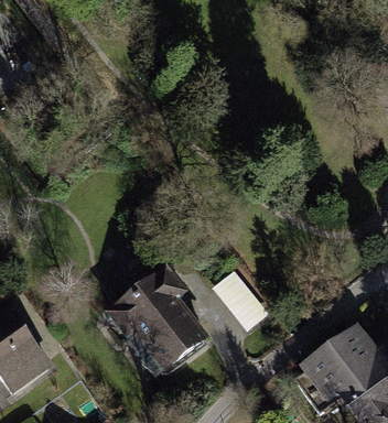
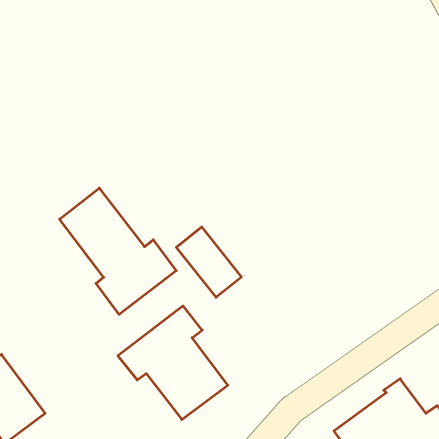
building: none -> [60,188,176,314]
building: [213,268,269,328] -> [176,227,241,297]

